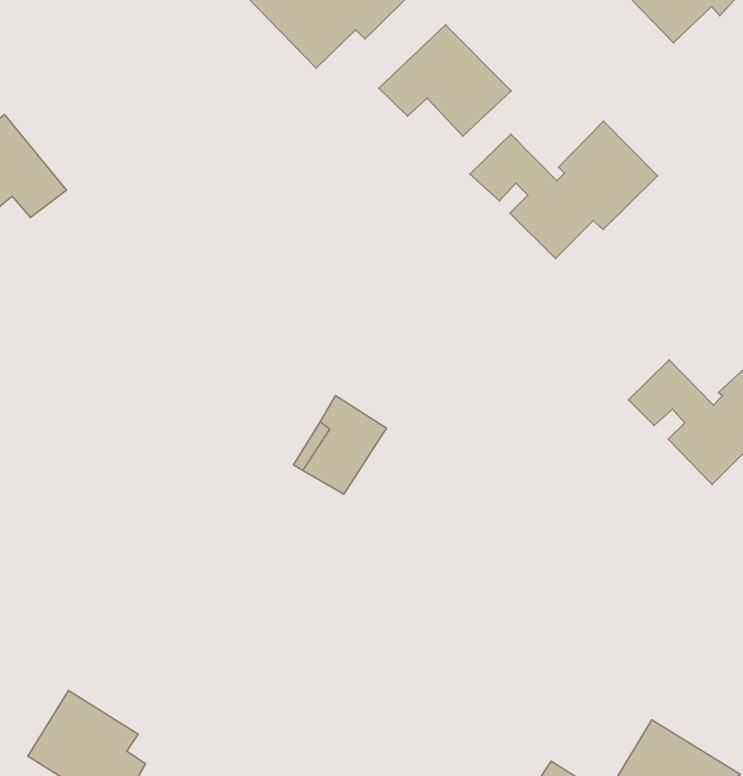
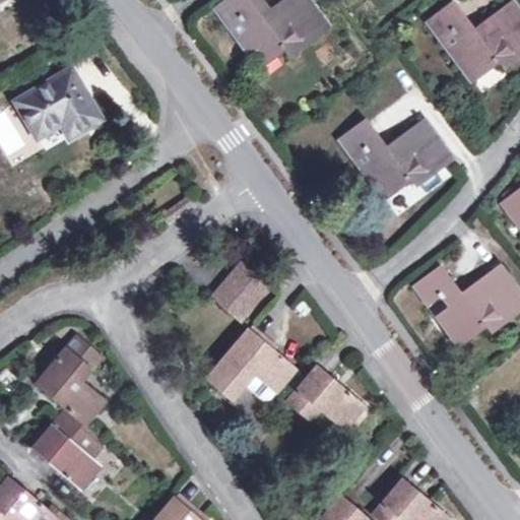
building: [379,25,511,136] -> none
building: none -> [208,329,296,398]
building: none -> [284,365,364,430]
building: none -> [35,334,105,425]

